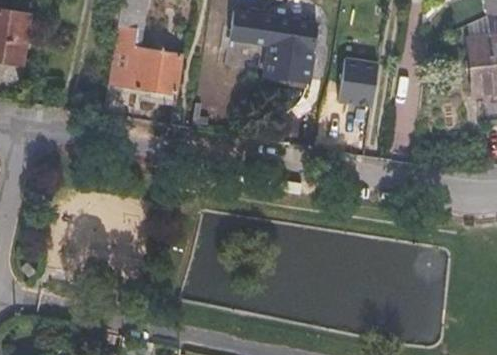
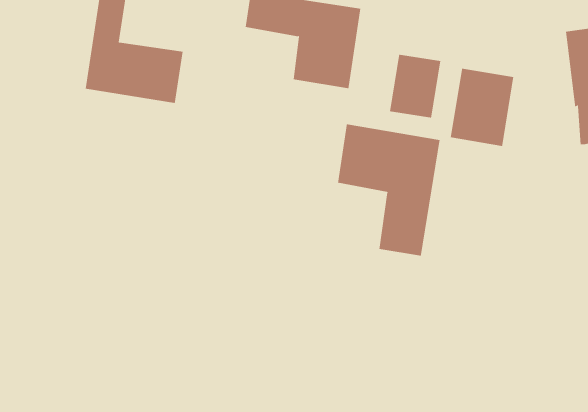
building: none -> [450,68,514,147]
building: none -> [337,124,440,257]

